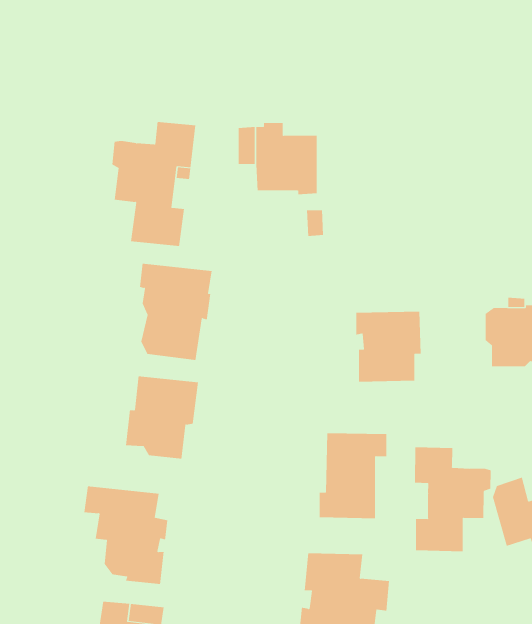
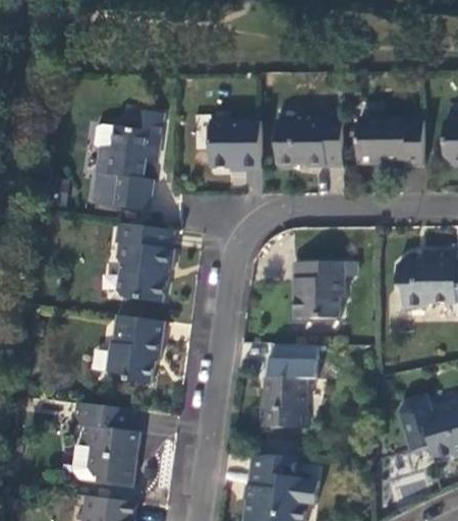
building: none -> [275,109,341,168]
building: none -> [356,117,422,165]
building: [414,446,491,552] -> none

